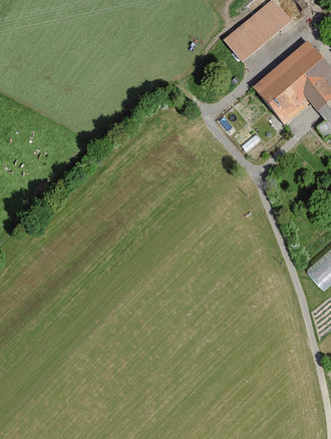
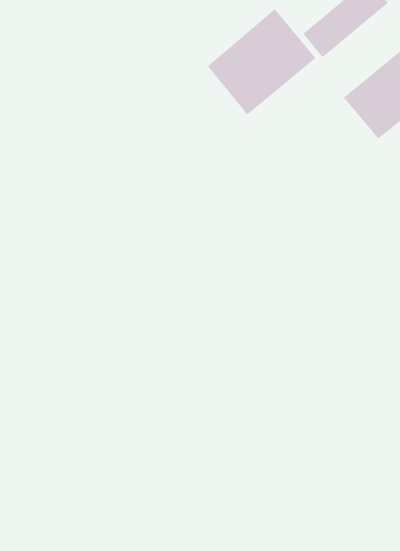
building: none -> [207,8,317,115]

